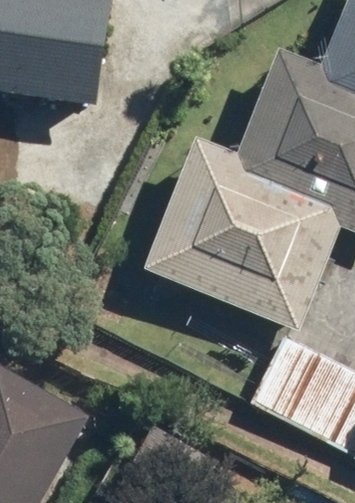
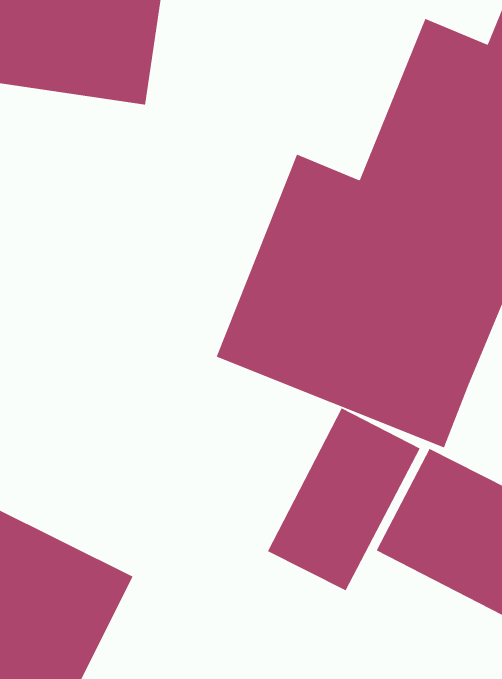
building: none -> [267,407,421,591]

